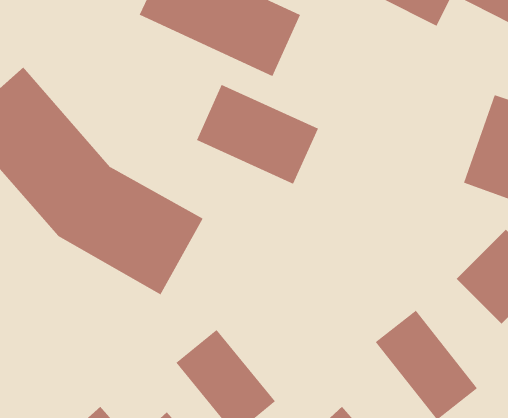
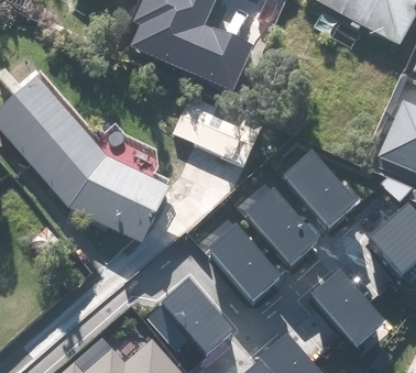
building: none -> [278,147,358,229]
building: none -> [241,187,320,268]
building: none -> [204,221,283,303]

